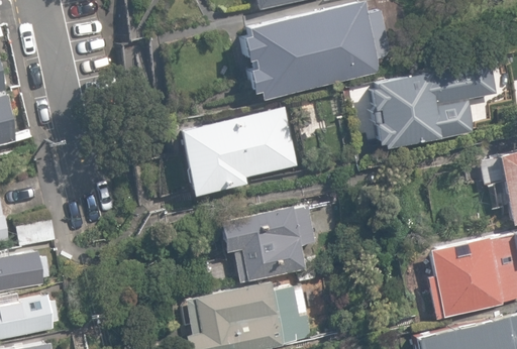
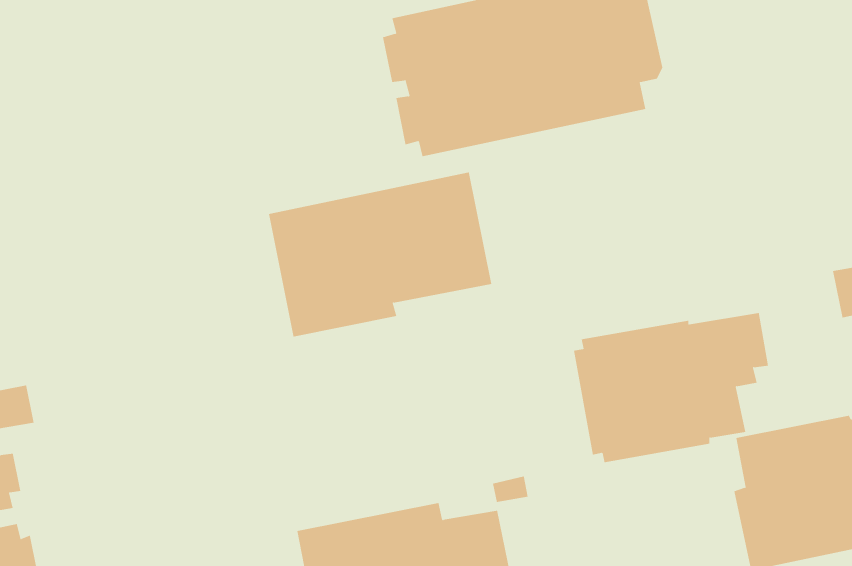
building: [368,70,472,149] -> [573,313,769,463]
building: [217,205,315,282] -> none

